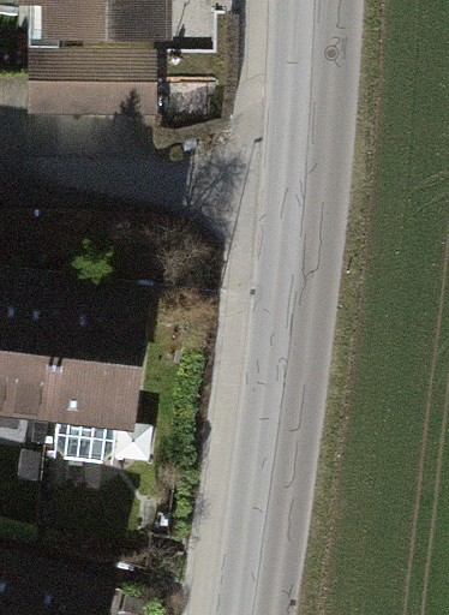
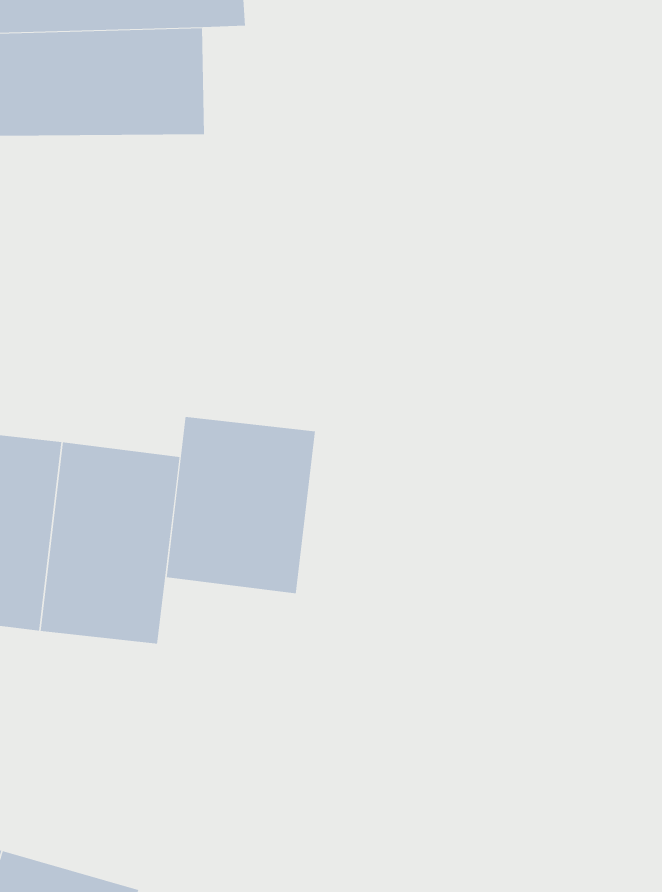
building: none -> [166,416,316,594]

